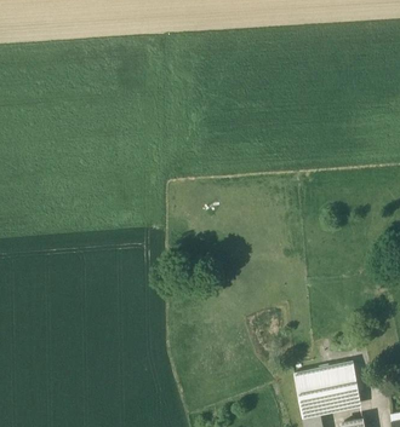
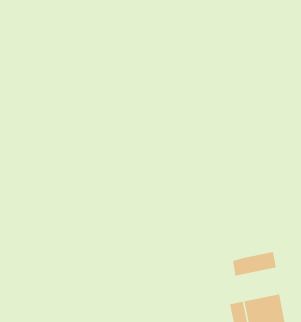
building: none -> [232,251,277,276]

